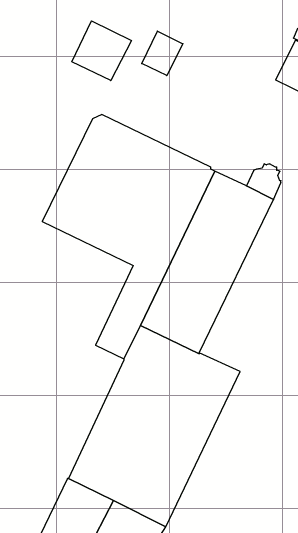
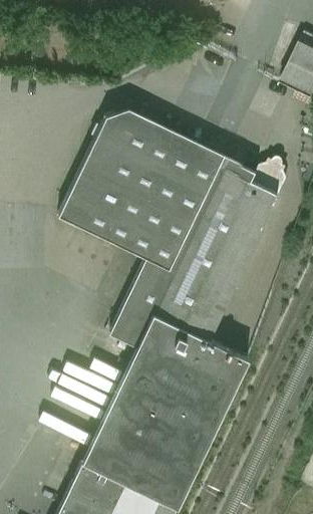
building: [72,21,131,81] -> none
building: [142,31,183,76] -> none

